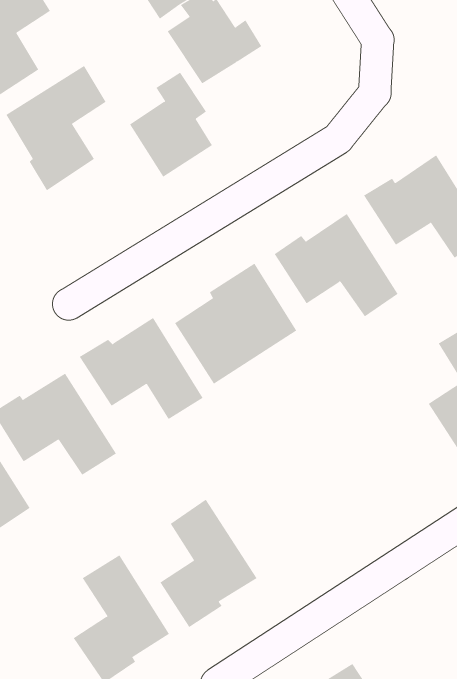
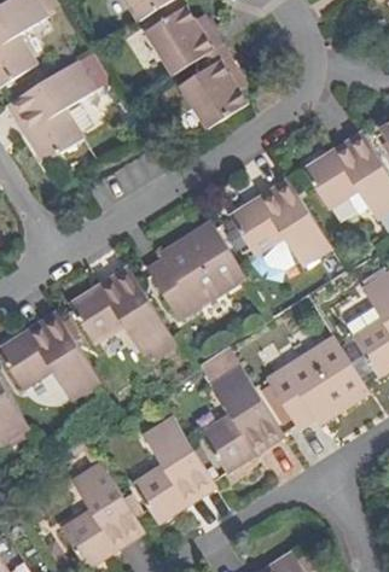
building: [129,72,213,177] -> [175,43,244,130]
building: none -> [267,334,370,427]
building: none -> [202,366,283,473]

